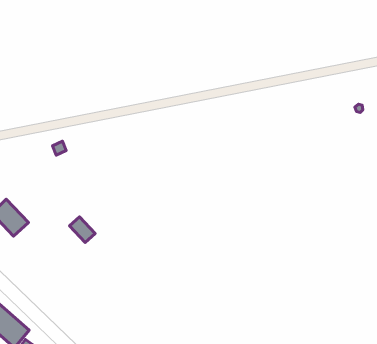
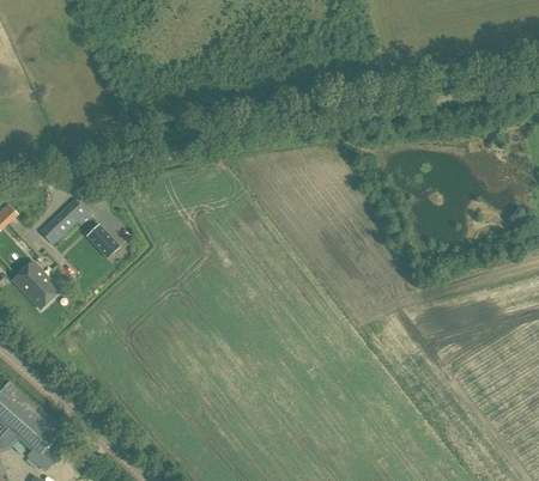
building: none -> [40,200,86,245]
building: [69,217,95,243] -> [85,225,119,258]

